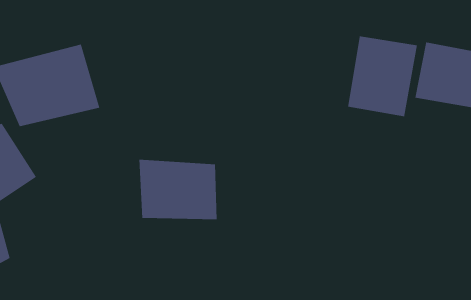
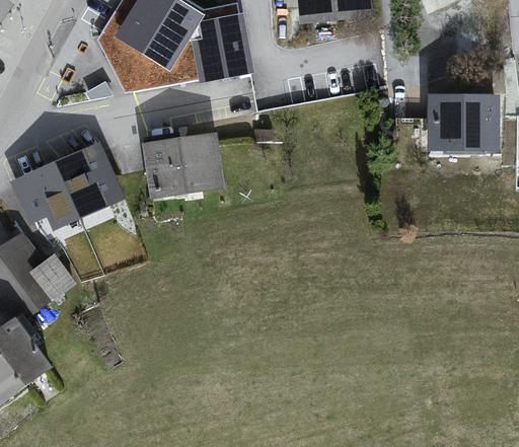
building: [348,36,418,117] -> none
building: [139,159,217,220] -> [133,134,220,199]

